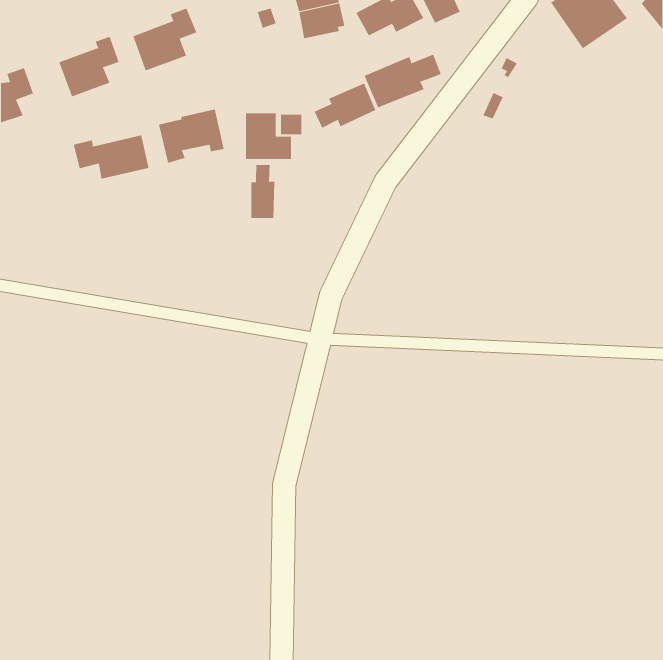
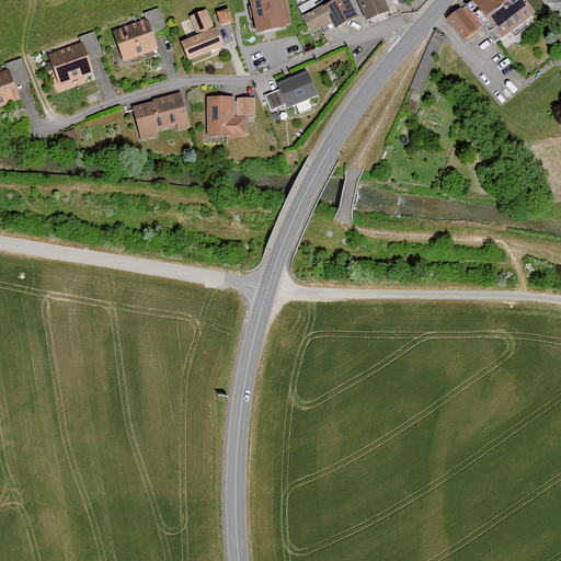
building: none -> [445,8,476,41]
building: none -> [182,9,224,57]
building: [364,54,442,108] -> none
building: [73,135,149,180] -> none
building: [251,164,275,219] -> none

